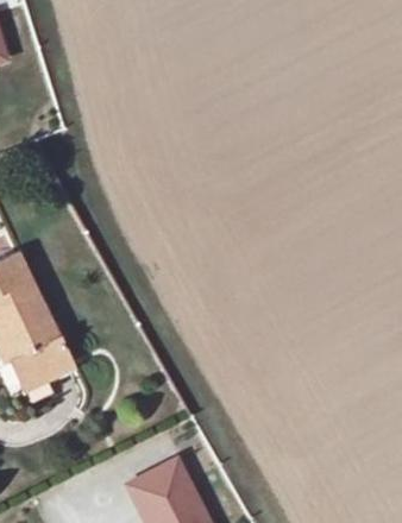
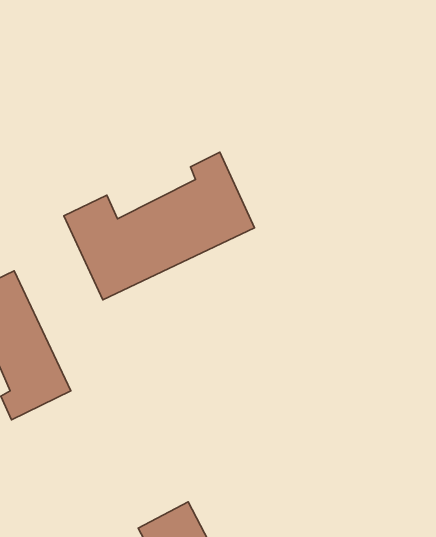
building: none -> [64,152,255,300]

